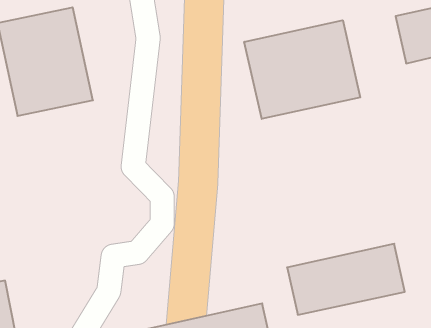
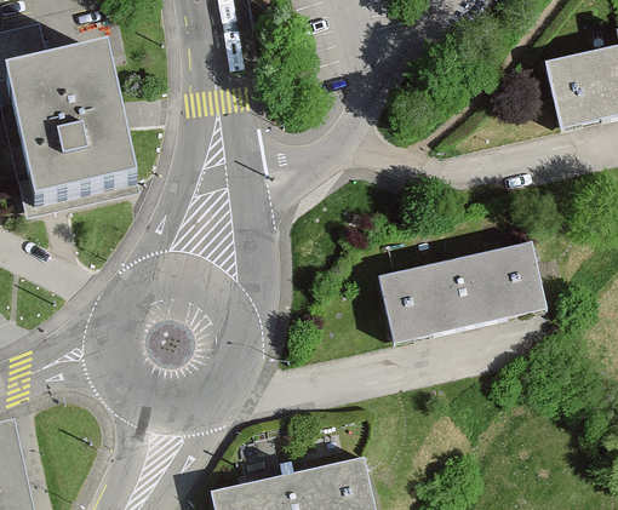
building: [244,20,360,119] -> none
building: [287,244,405,315] -> [380,241,543,339]

